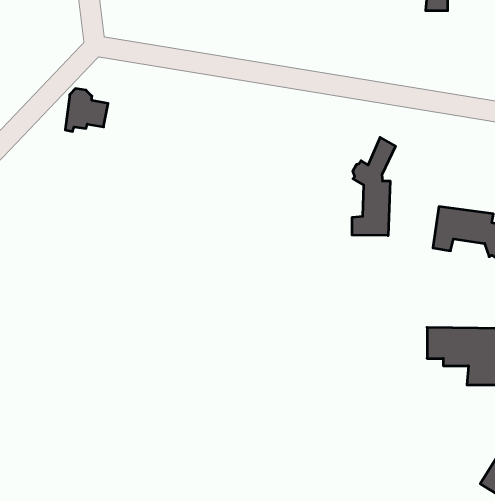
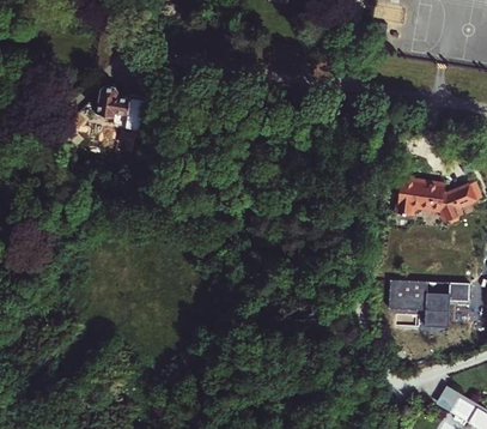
building: [352,137,395,236] -> none

